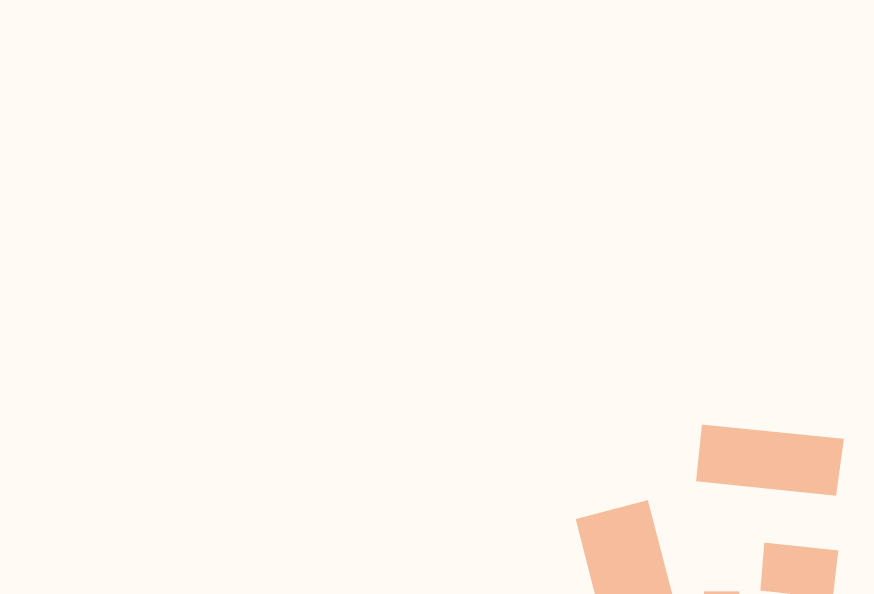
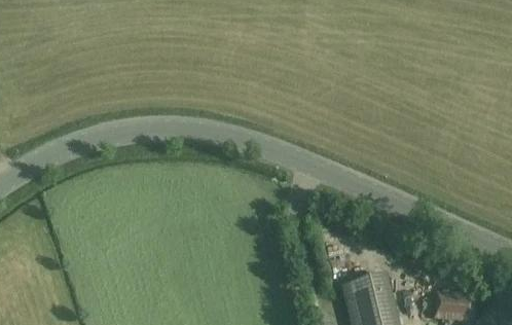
building: [695,424,844,496] -> none

